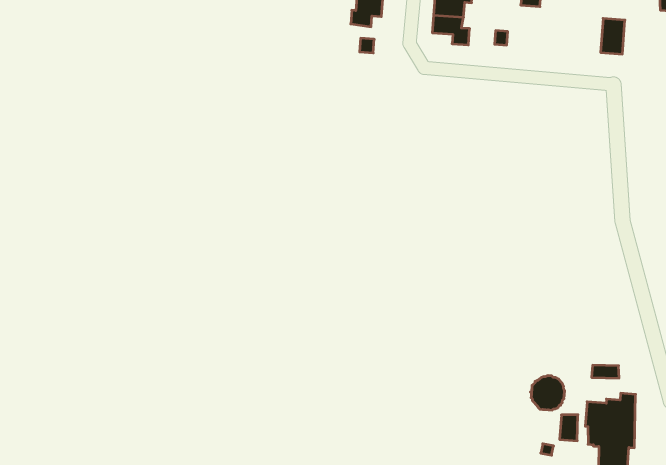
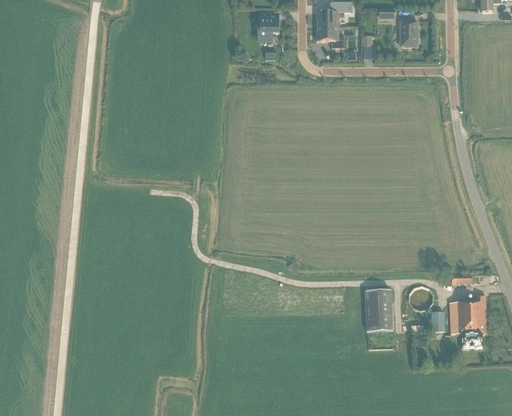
building: [601,18,625,54] -> [401,21,417,46]
building: none -> [366,290,392,332]

